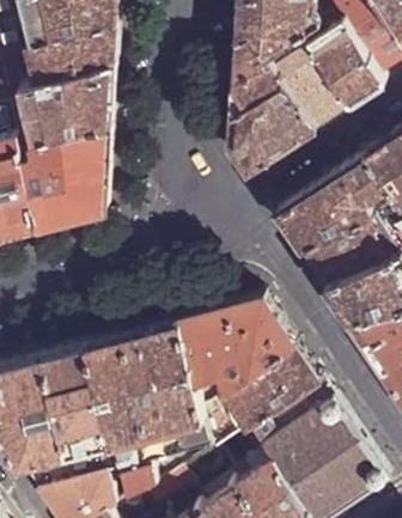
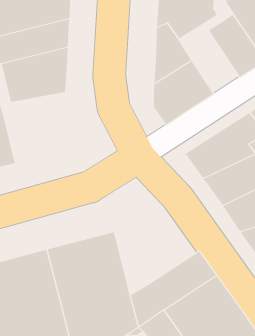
building: [270,44,348,132] -> none
building: [23,129,109,227] -> none
building: [176,300,293,395] -> none

